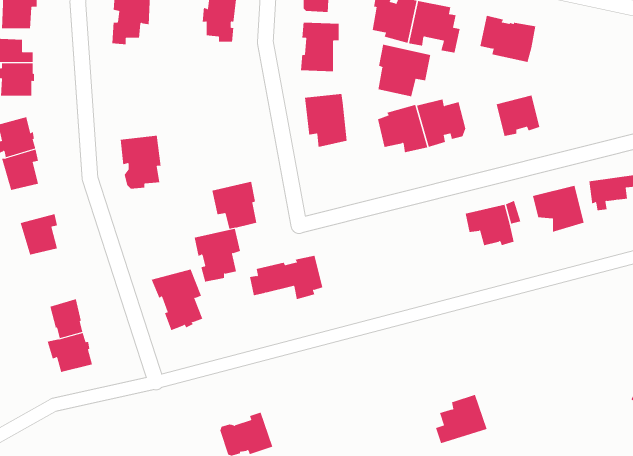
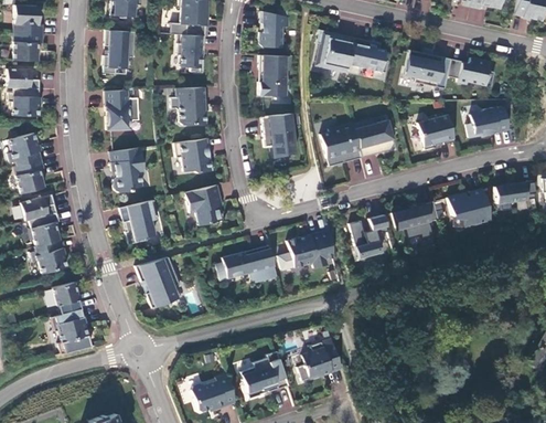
building: none -> [448,57,495,86]
building: [378,44,431,97] -> none
building: none -> [171,87,206,125]
building: none -> [106,89,139,130]
building: none -> [467,107,510,138]
building: none -> [174,138,214,172]
building: none -> [20,197,57,221]
building: none -> [350,214,392,258]
building: [194,228,241,282] -> [120,200,159,244]
building: none -> [287,230,334,268]
building: none -> [31,241,67,274]
building: none -> [240,351,289,399]
building: [435,394,488,444] -> [298,339,341,380]

